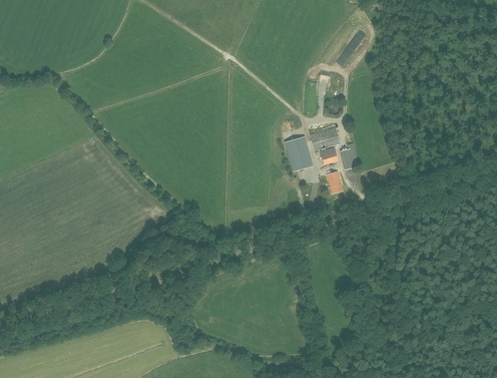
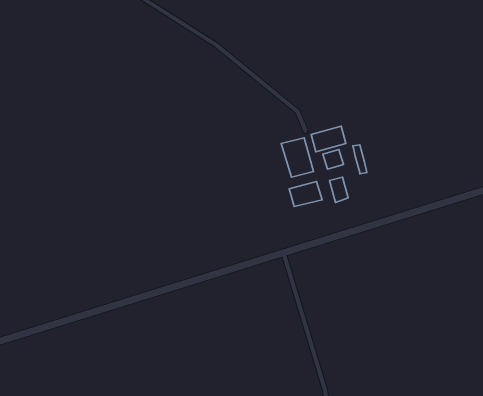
building: none -> [289,181,322,207]

